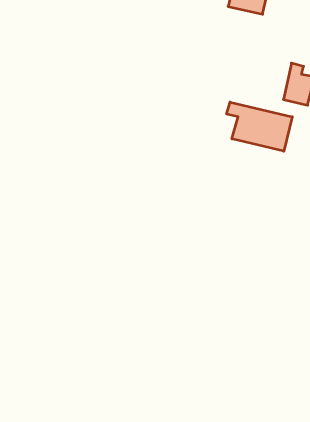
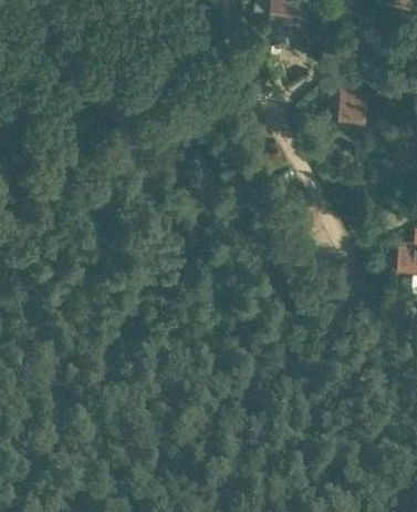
building: [227,102,292,151] -> none

